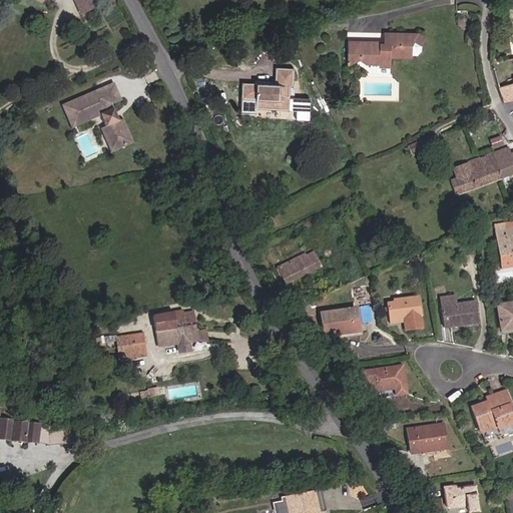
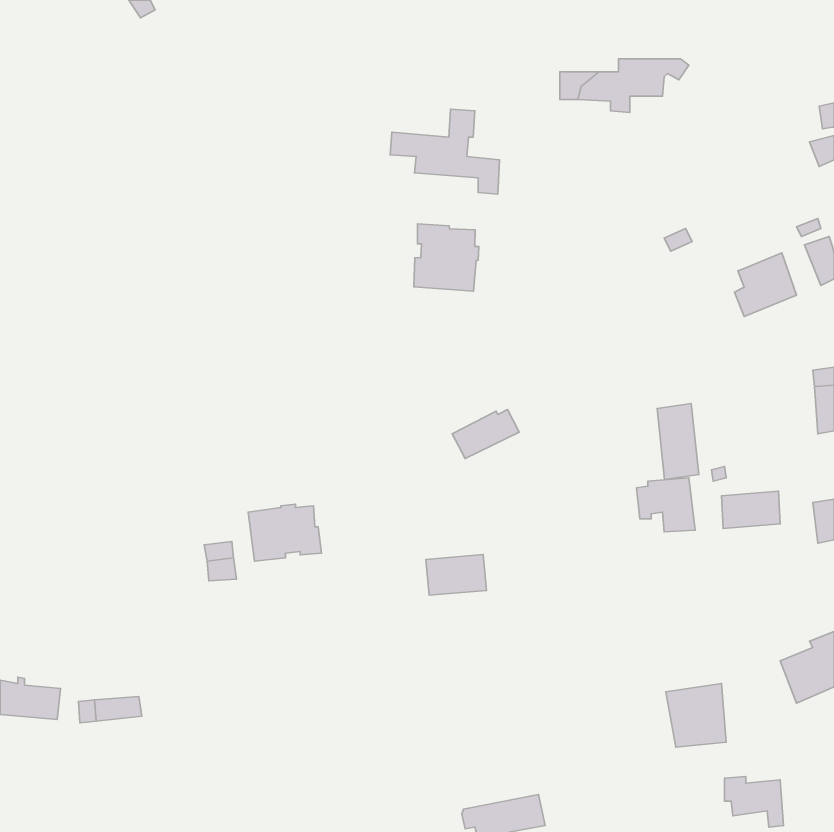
building: [59,81,126,147] -> none
building: none -> [414,224,479,291]
building: [480,151,504,182] -> none
building: none -> [657,403,699,480]
building: [321,310,358,335] -> [426,554,486,595]
building: [362,366,408,395] -> none

